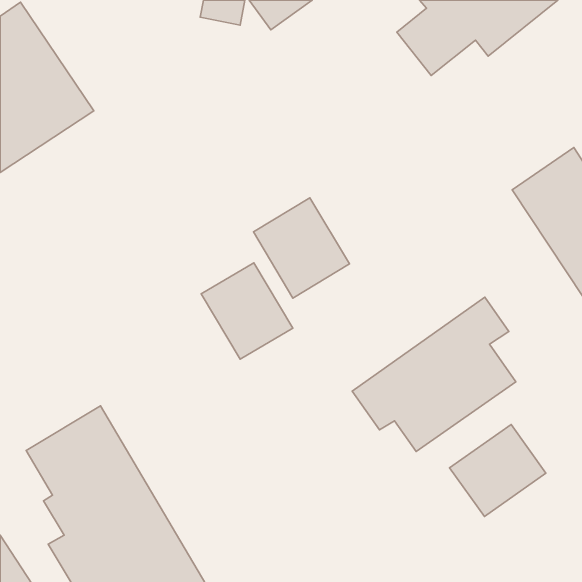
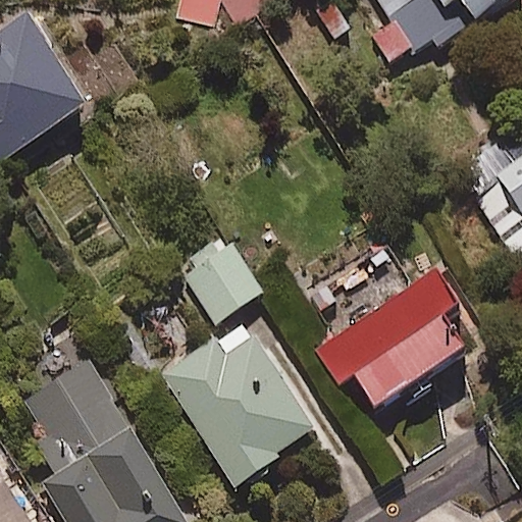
building: [254,198,349,298] -> none
building: none -> [162,320,315,482]
building: [450,424,546,517] -> none

